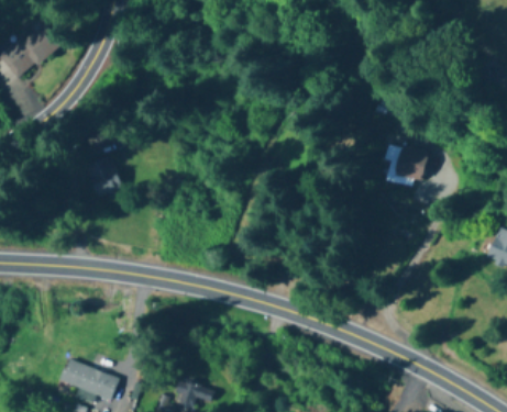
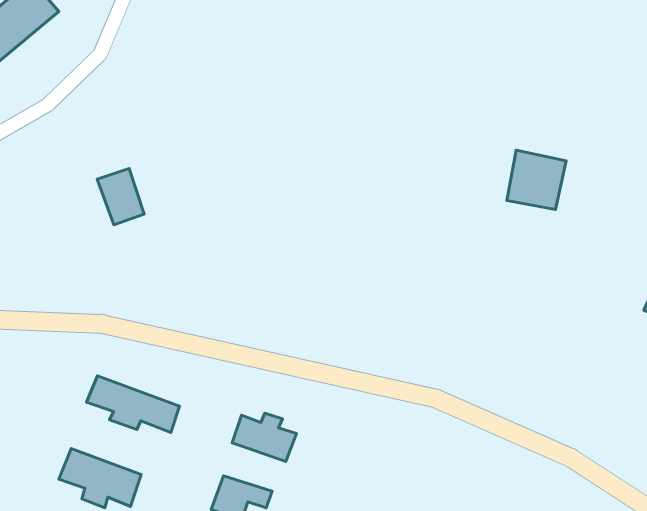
building: none -> [86,376,179,432]
building: none -> [232,413,296,462]

